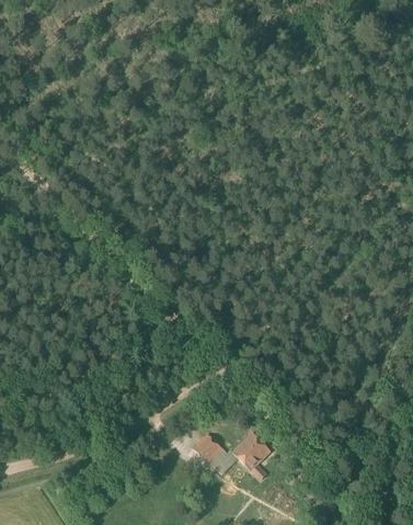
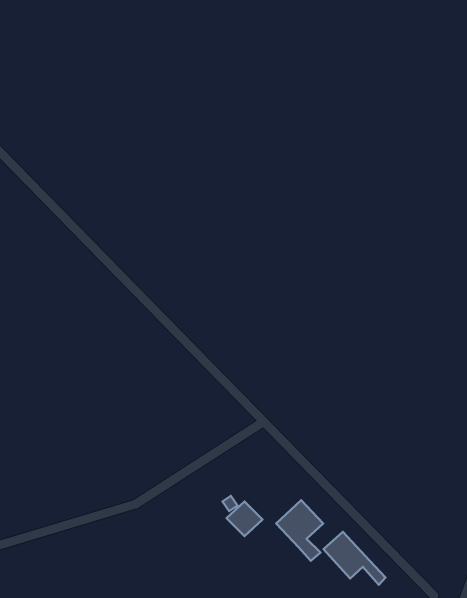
building: none -> [323,532,385,585]

